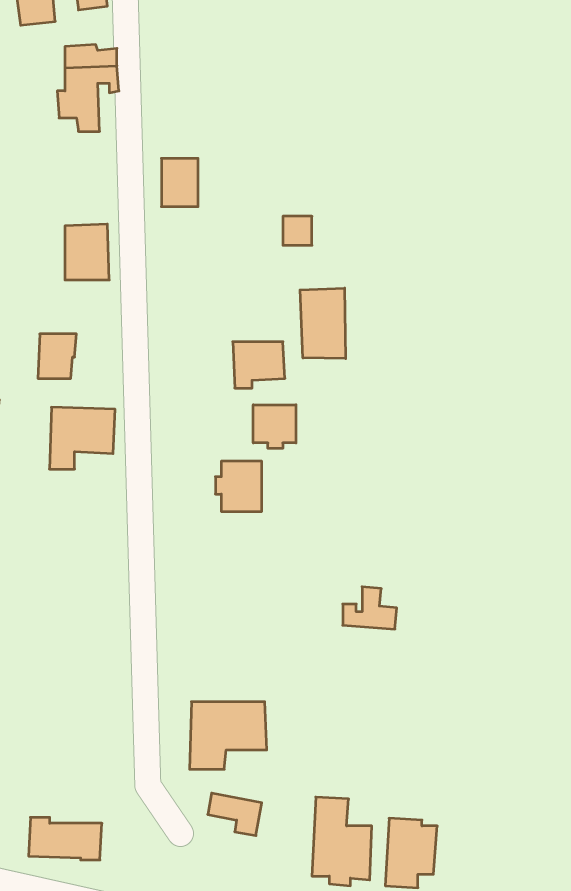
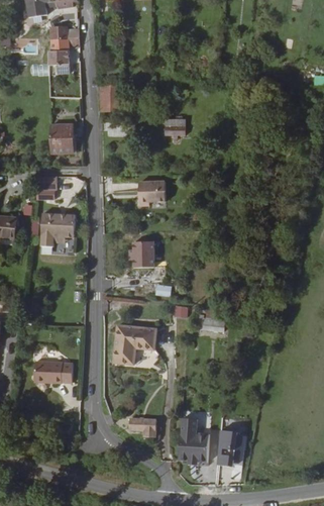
building: [300,288,346,359] -> none
building: [253,405,296,448] -> none
building: [190,702,267,769] -> [117,325,157,361]
building: [29,817,102,860] -> [34,359,73,381]

